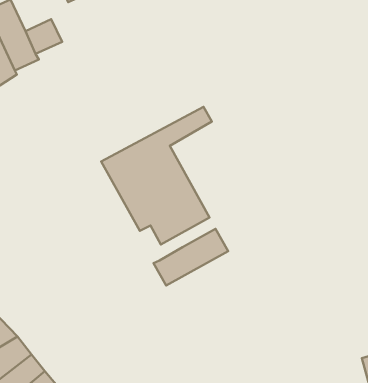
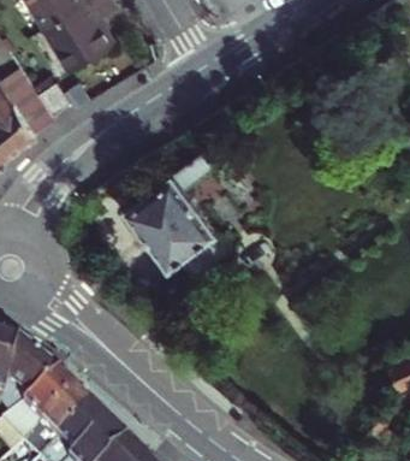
building: [154,229,228,286] -> none

